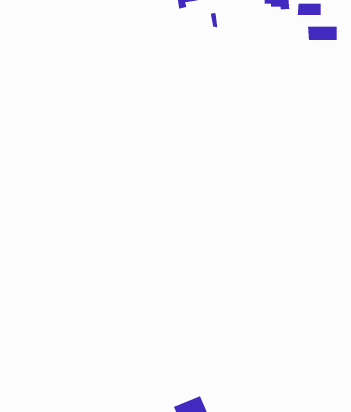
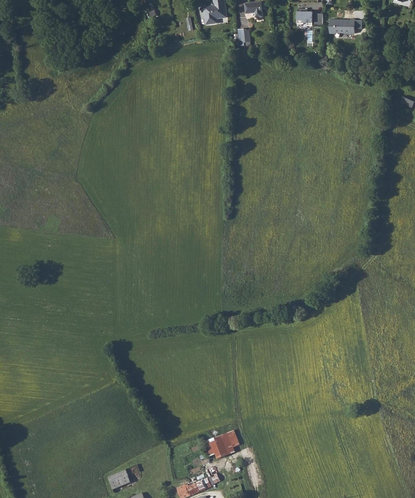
building: [307,26,338,41] -> none

